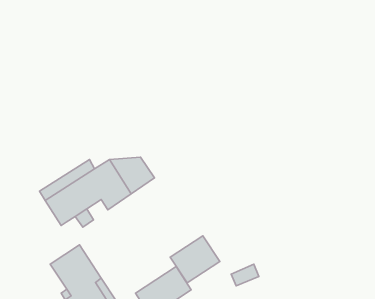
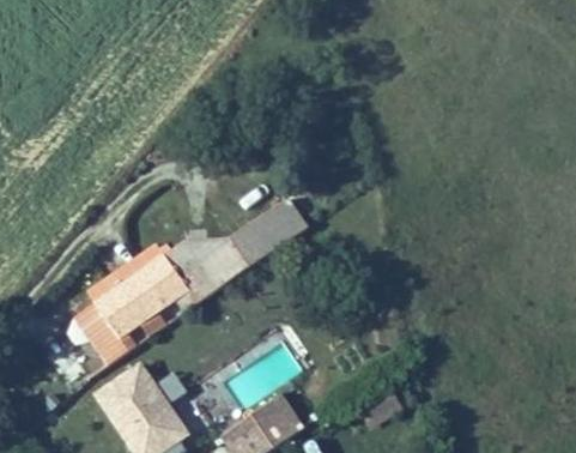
building: none -> [230,197,309,267]
building: none -> [71,300,134,367]
building: [170,236,220,283] -> none

